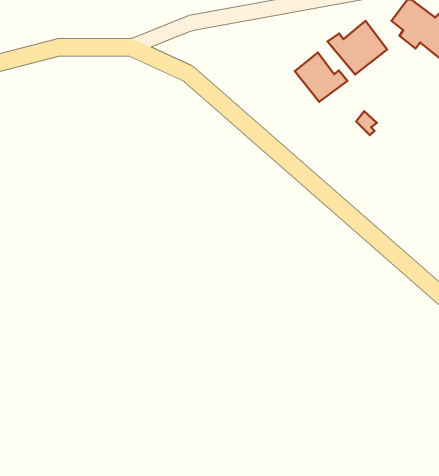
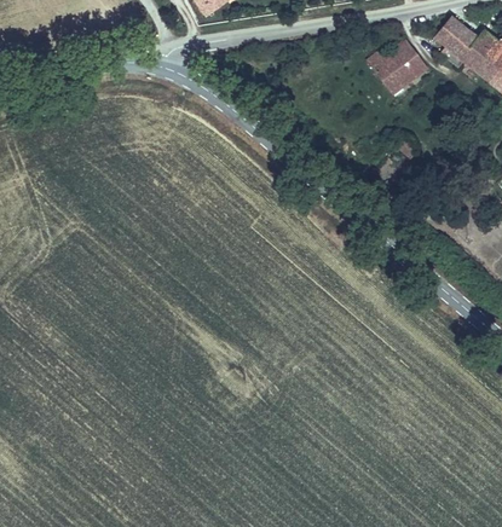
building: [295,52,348,102] -> none

